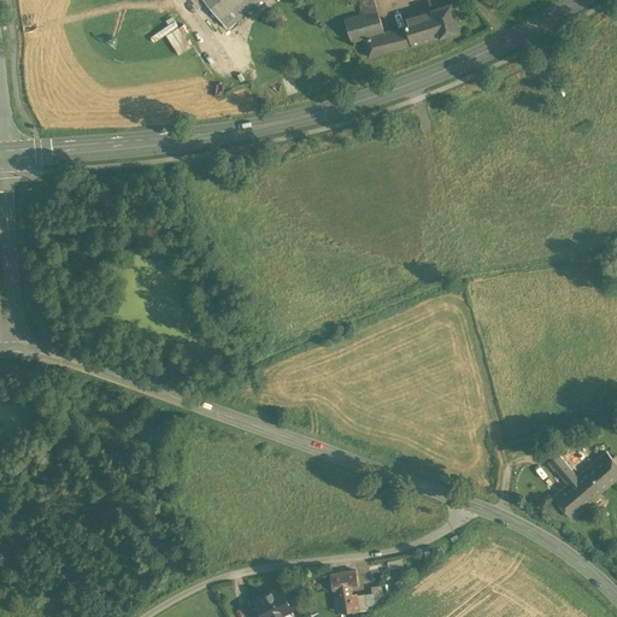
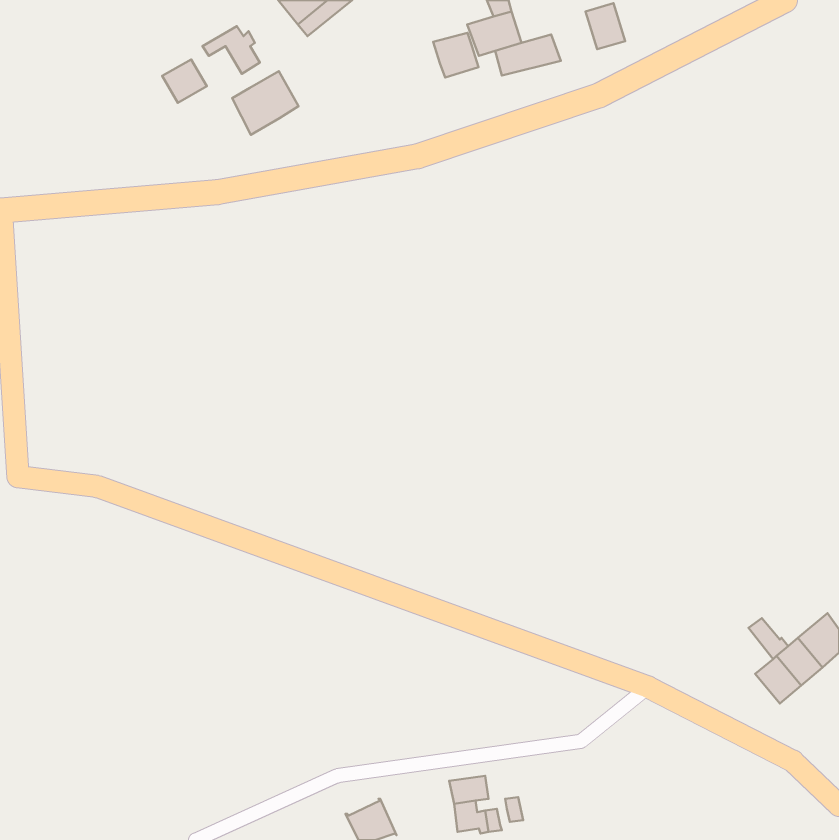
building: [399,8,437,45] -> none
building: none -> [433,33,479,78]
building: none -> [162,60,207,103]
building: none -> [232,71,299,135]

